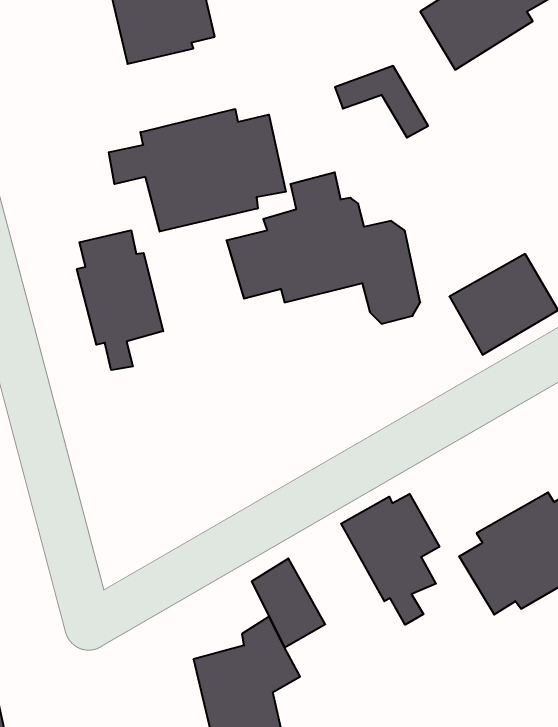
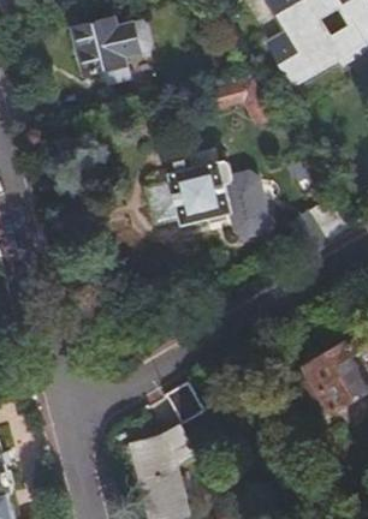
building: [109,109,286,232] -> none
building: [77,230,163,370] -> none
building: [341,494,439,625] -> none

